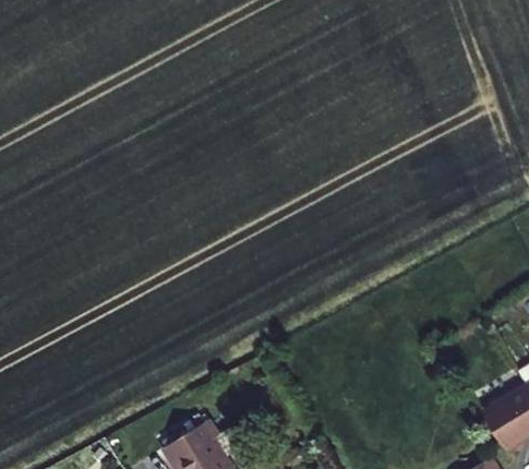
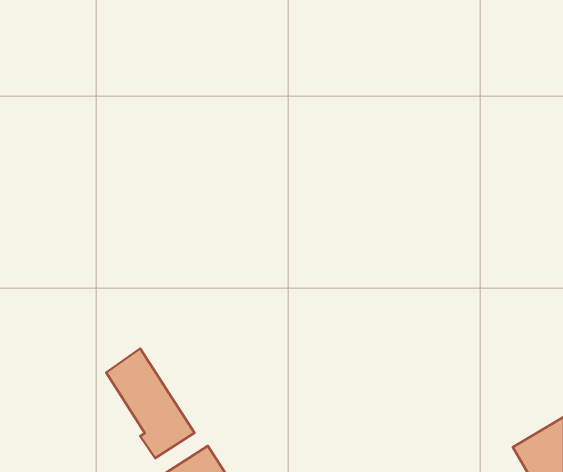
building: none -> [106,348,194,458]

